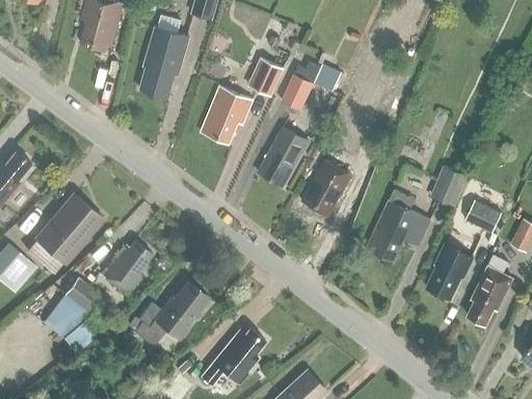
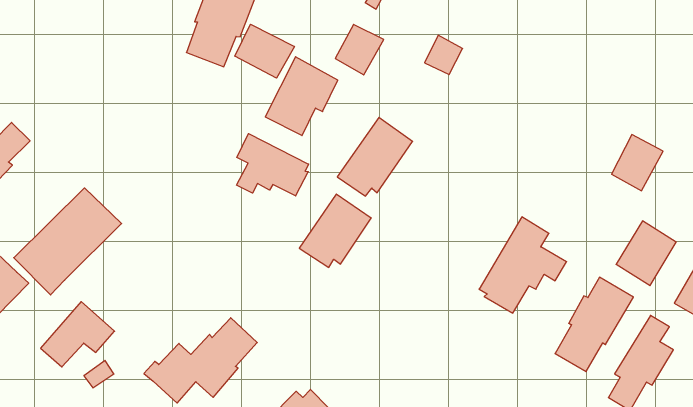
building: none -> [235,24,294,78]
building: [281,74,313,110] -> none
building: none -> [237,134,309,196]
building: [300,160,351,214] -> [299,194,371,267]
building: [430,166,467,207] -> [612,135,663,191]
building: [101,240,152,294] -> none

